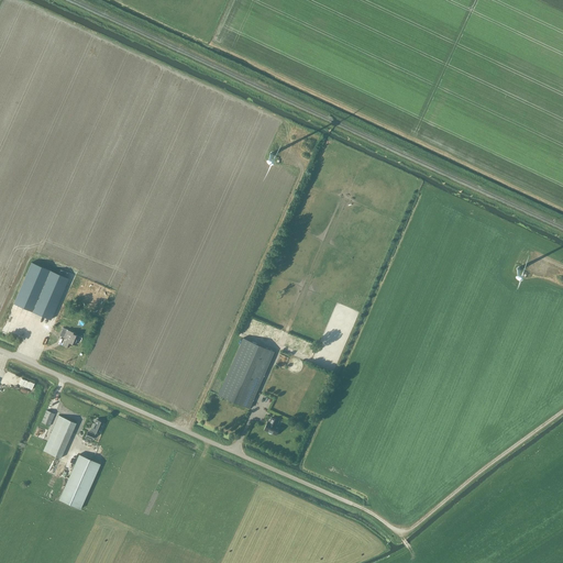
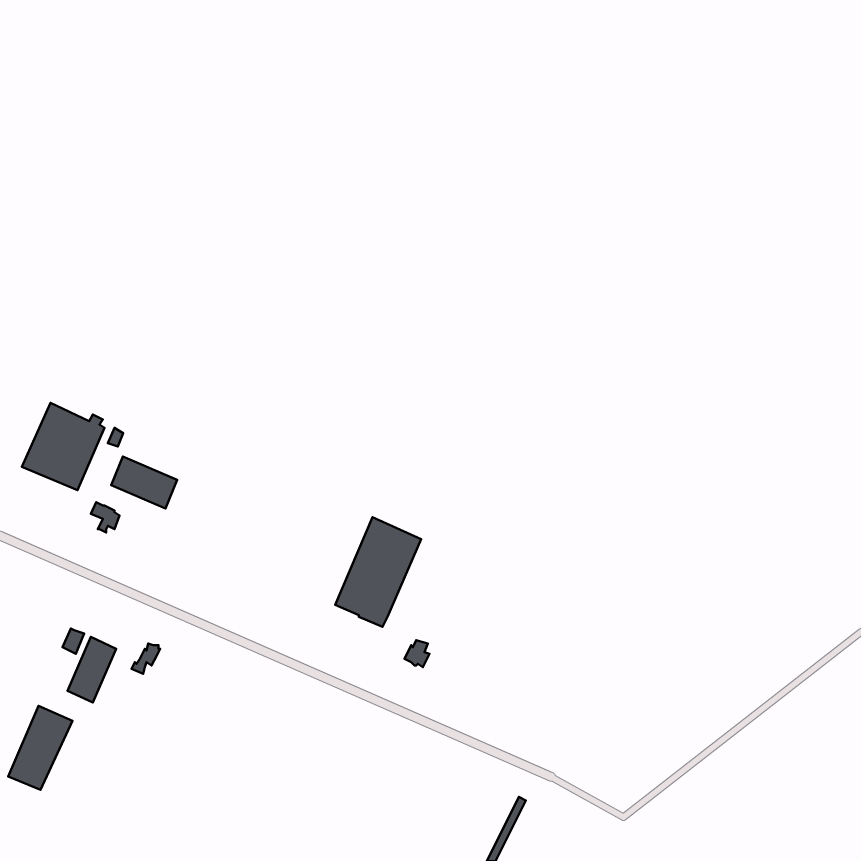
building: none -> [111,456,177,508]
building: [59,454,101,509] -> [8,706,72,790]

